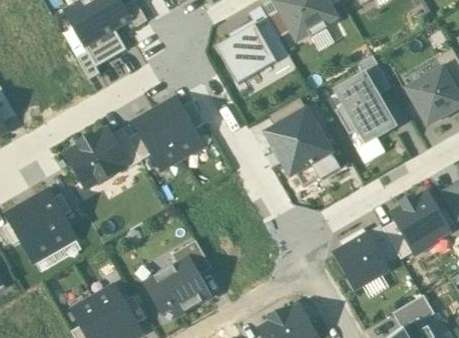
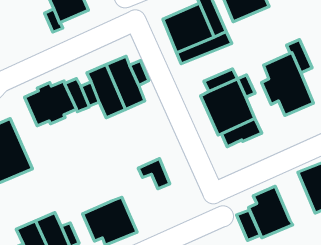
building: [368,229,398,264] -> [236,210,260,241]
building: [172,240,210,275] -> [138,158,170,189]

